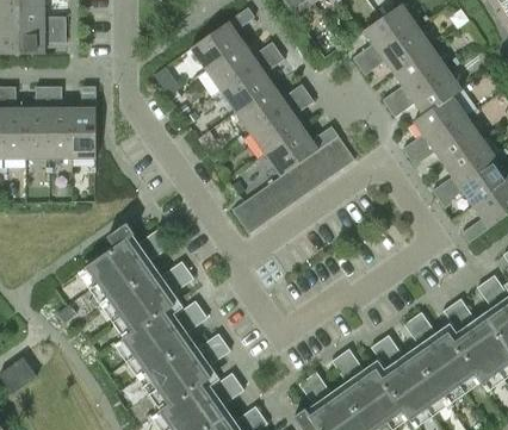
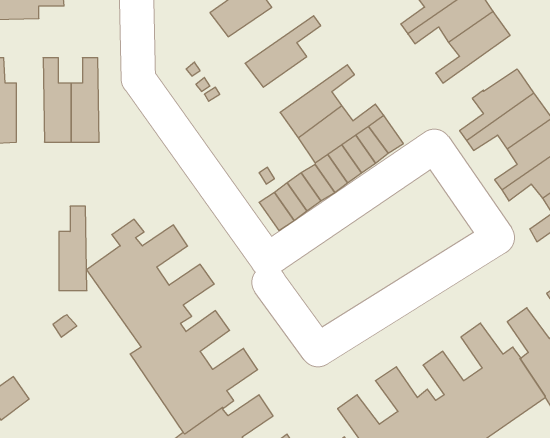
building: [205,42,278,91] -> none
building: [388,67,460,116] -> none
building: [235,83,306,132] -> none
building: [25,86,49,157] -> [59,206,87,291]

